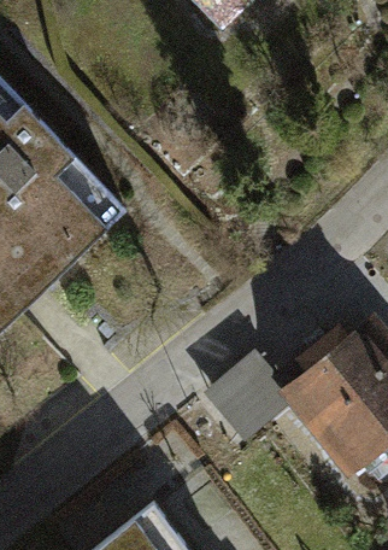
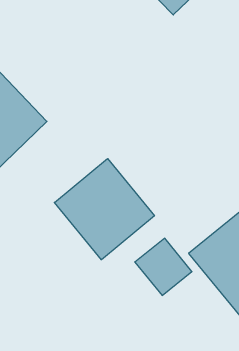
building: none -> [54,159,154,260]

